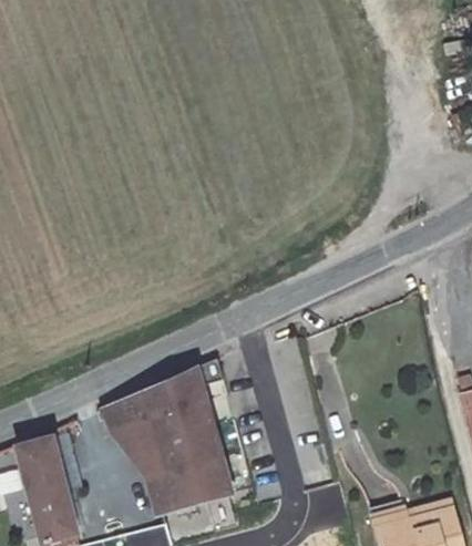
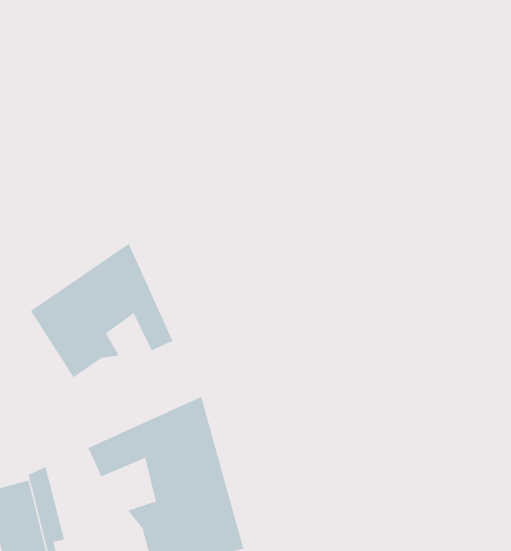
building: none -> [30,243,173,378]
building: [112,419,157,462] -> none

